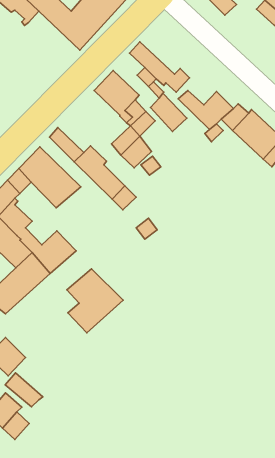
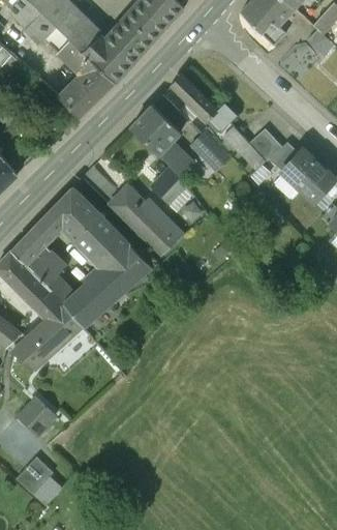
building: none -> [58,40,115,118]
building: [67,269,123,333] -> [89,231,150,300]
building: [5,373,43,407] -> none

